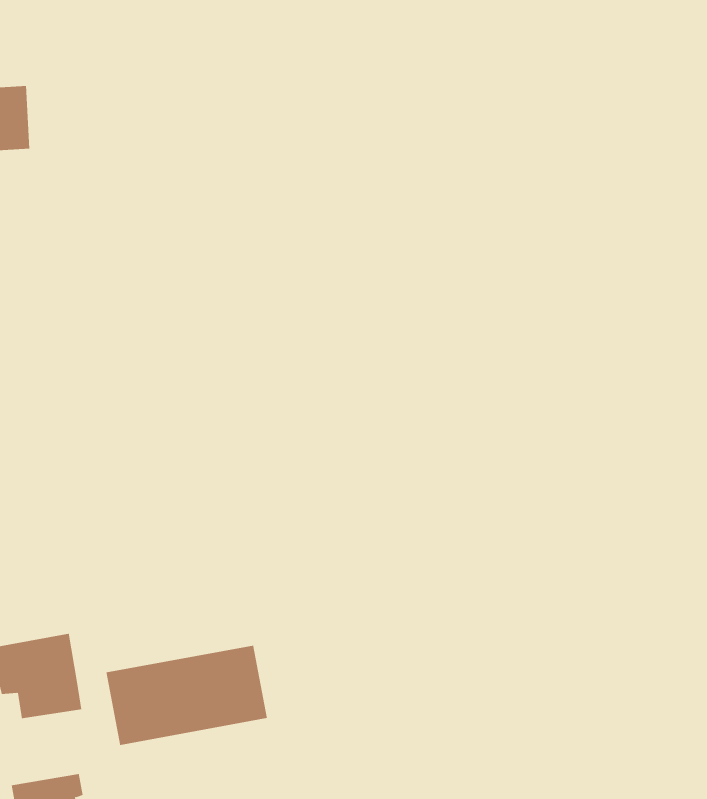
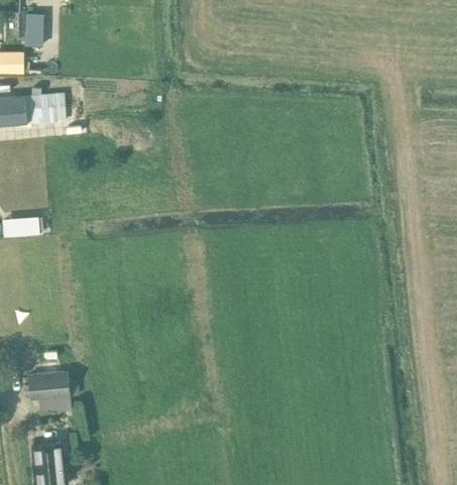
building: [106,645,267,746] -> none

